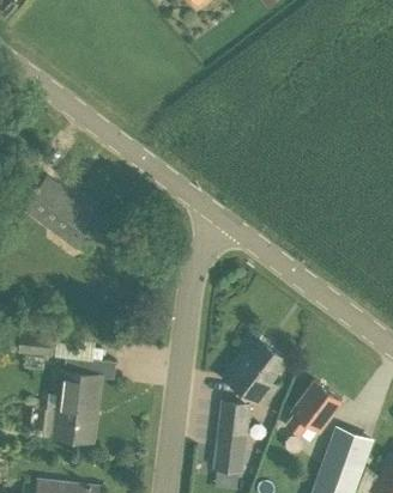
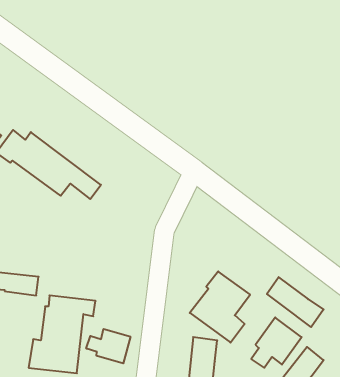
building: none -> [267,277,324,327]
building: none -> [86,329,130,363]

